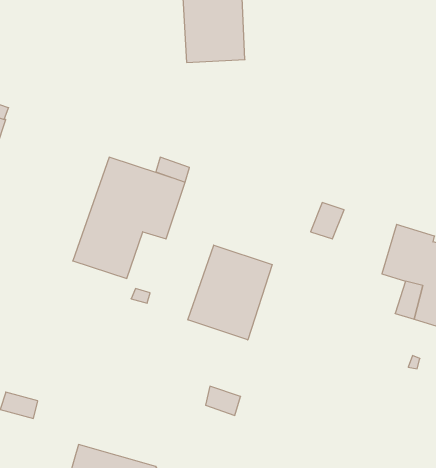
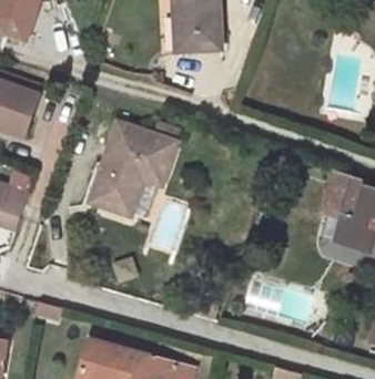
building: [188,245,272,340] -> none

